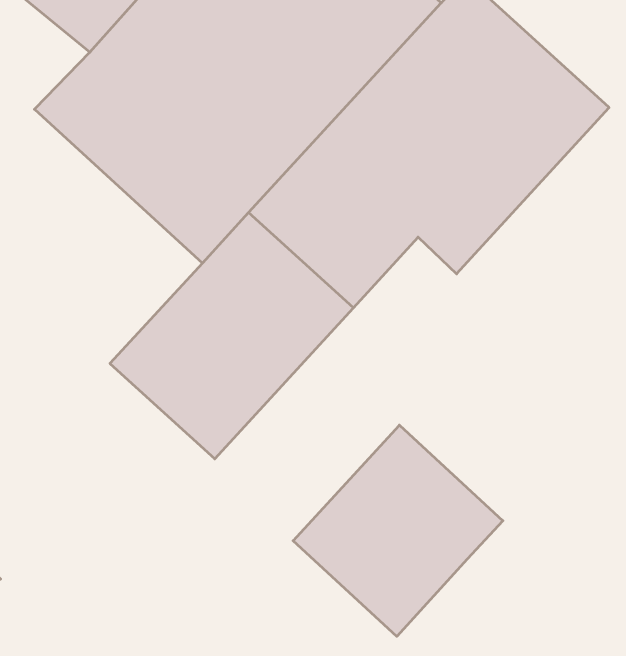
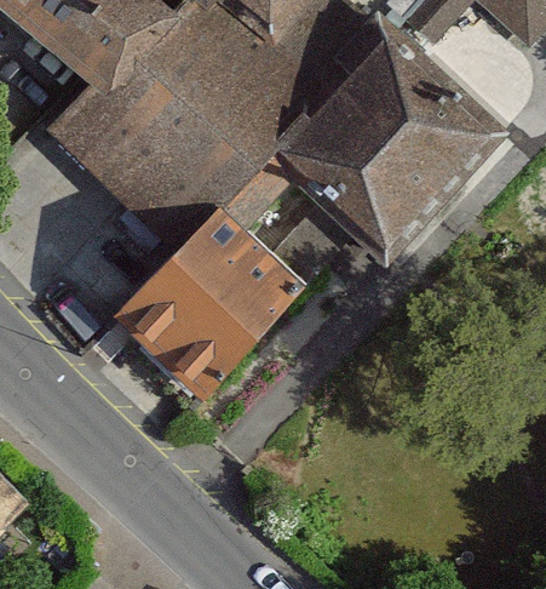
building: [293,425,503,636] -> none

